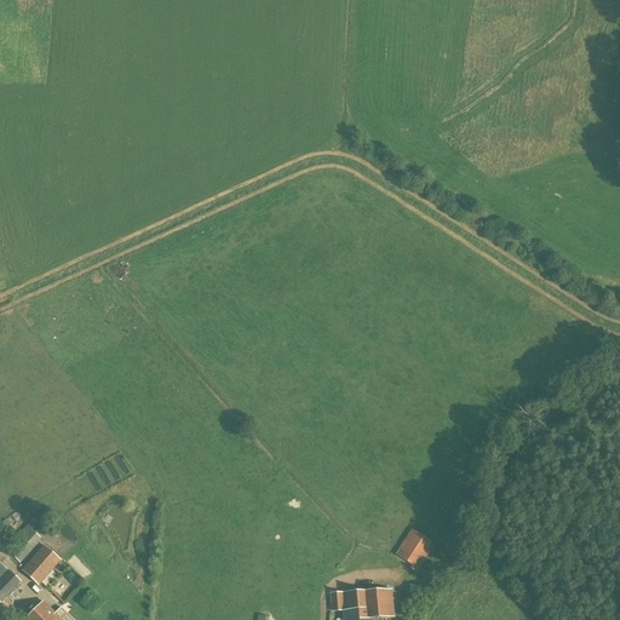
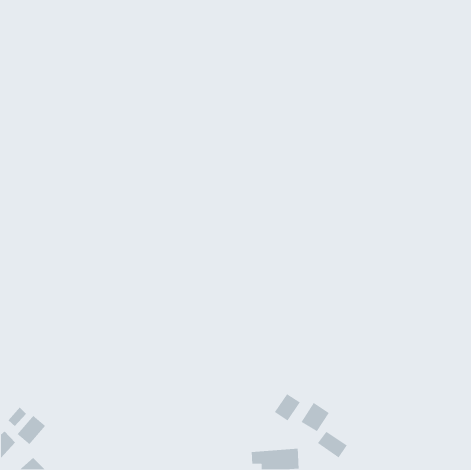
building: none -> [274,393,301,422]
building: none -> [317,431,348,459]

